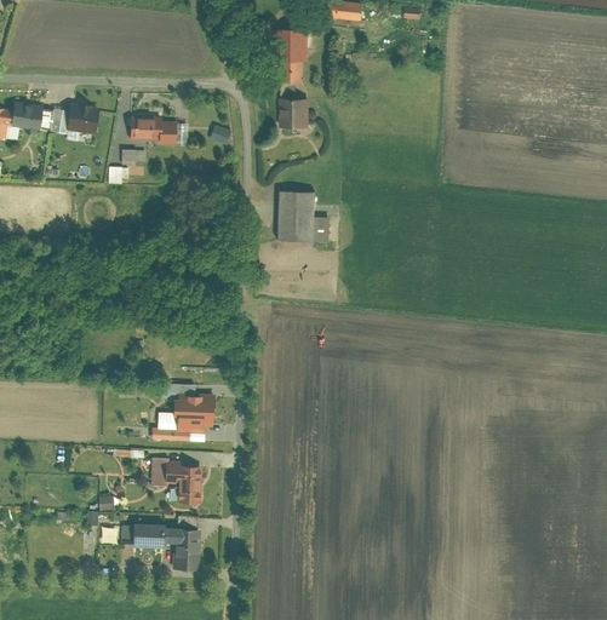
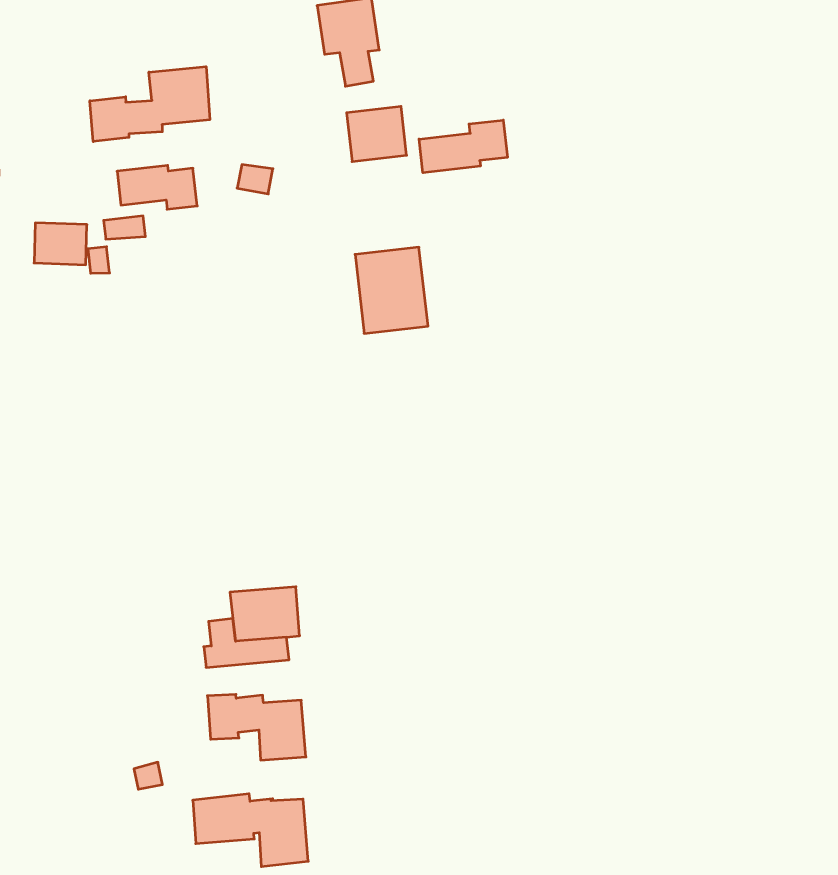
building: none -> [90,67,210,142]
building: [64,105,101,136] -> [34,223,87,265]
building: none -> [419,120,507,173]

